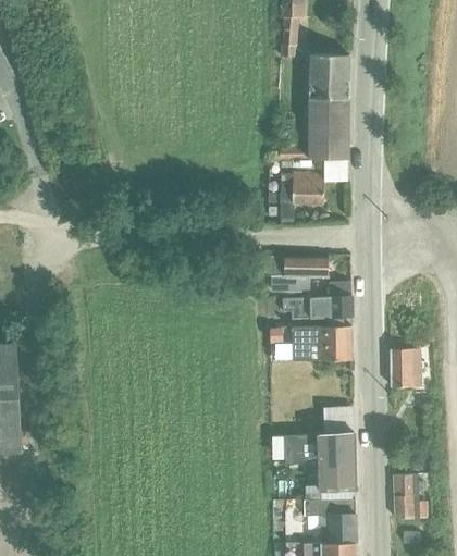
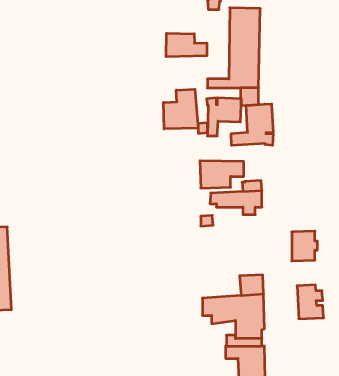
building: none -> [166,33,207,57]
building: none -> [164,89,198,129]
building: none -> [231,104,273,145]
building: [293,326,353,360] -> none
building: [393,473,428,518] -> [297,285,324,319]

